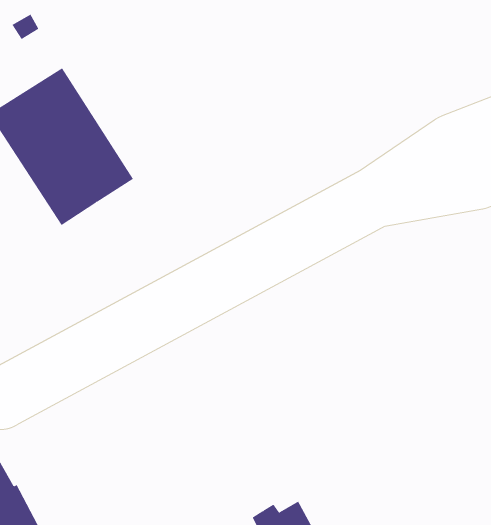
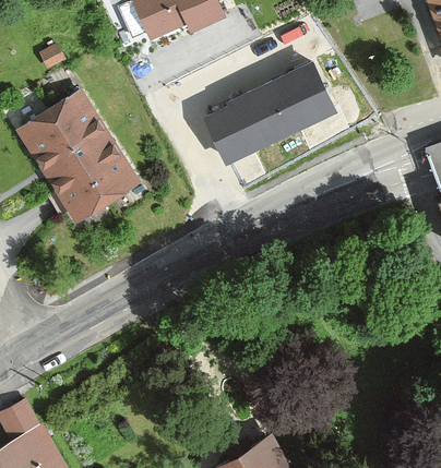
building: none -> [211,68,333,160]

